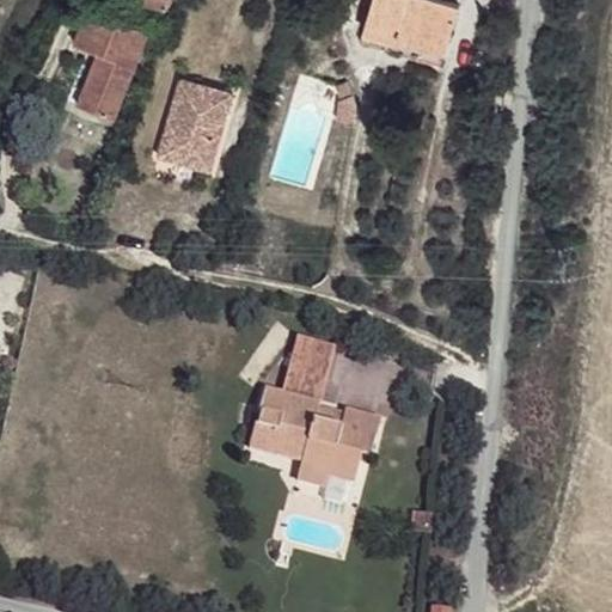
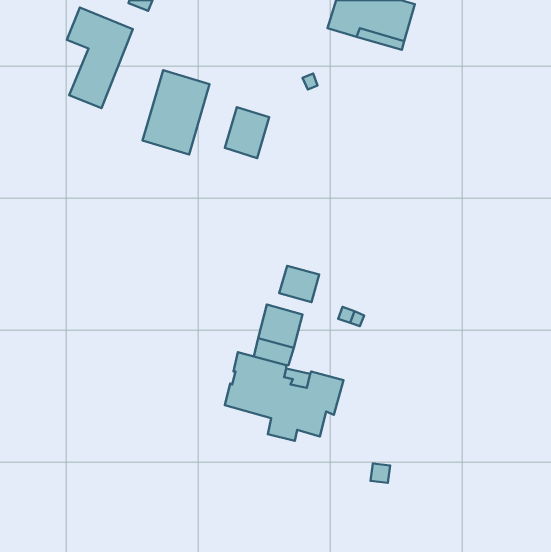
building: none -> [225,107,269,158]
building: none -> [279,266,319,302]

